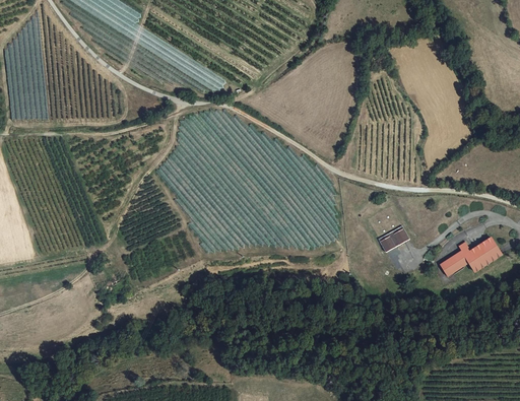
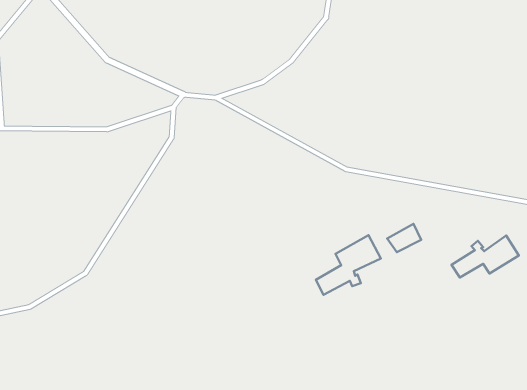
building: none -> [316,235,381,295]

